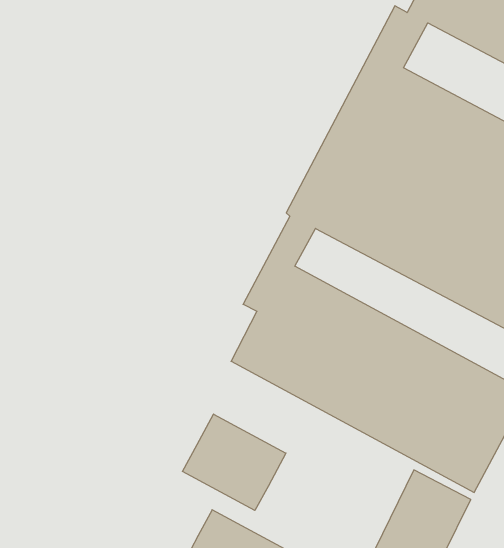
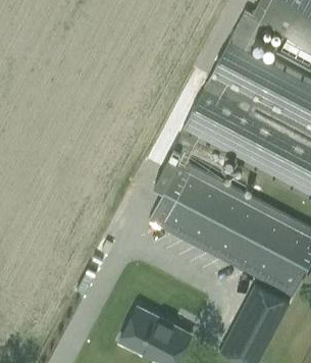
building: [182,414,286,510] -> none

